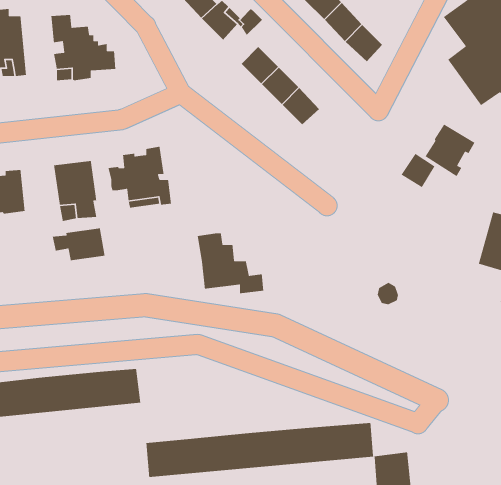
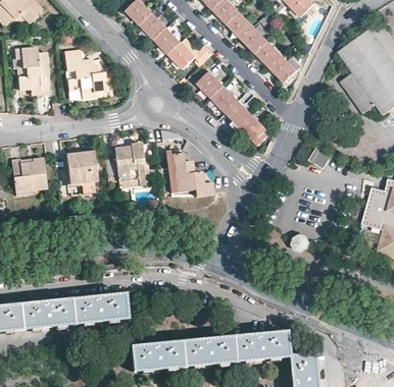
building: none -> [240,115,266,145]
building: [424,124,476,177] -> none
building: [52,228,106,261] -> none
building: [197,233,264,294] -> [166,151,213,193]

